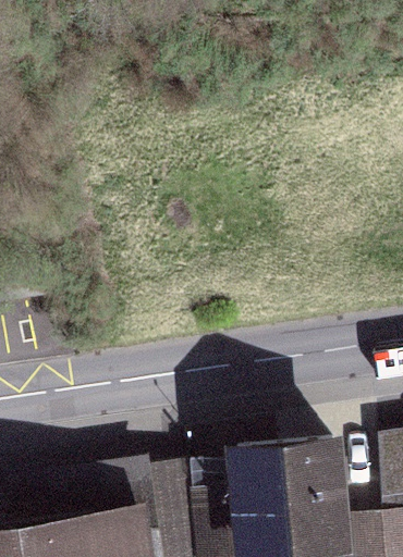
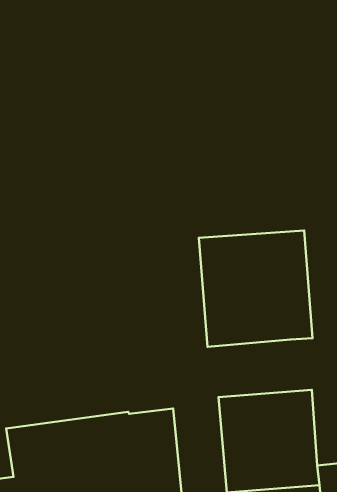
building: none -> [199,230,313,347]

